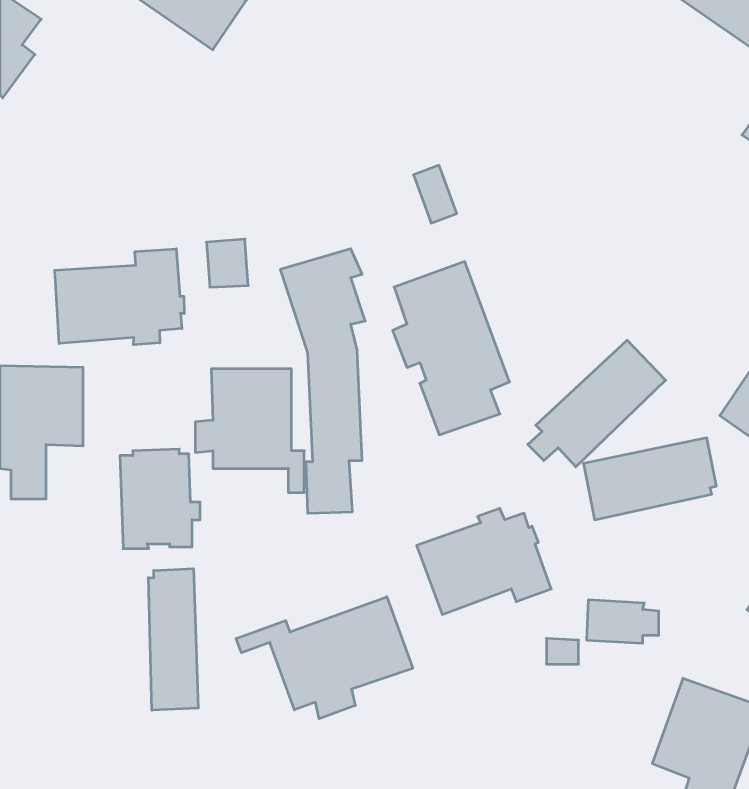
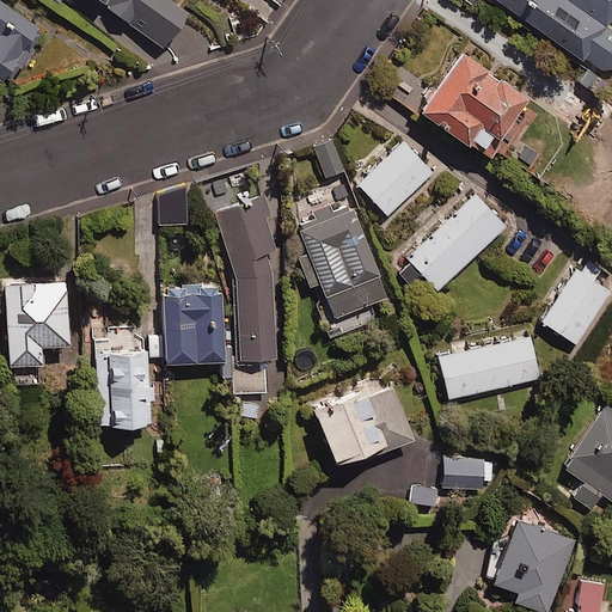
building: none -> [418,47,525,157]
building: none -> [360,142,433,214]
building: [55,249,184,345] -> none
building: [528,340,666,467] -> [402,194,504,288]
building: [148,569,198,710] -> none
building: [236,597,413,719] -> none

